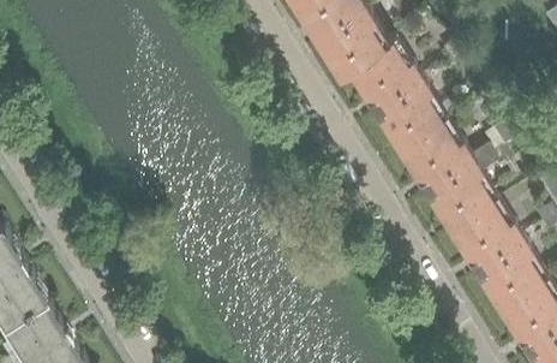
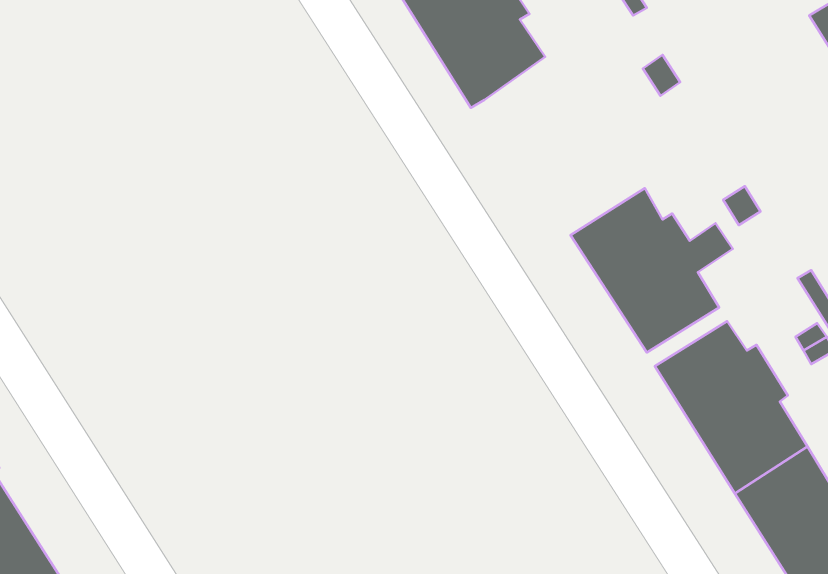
building: [345,40,443,153] -> none

